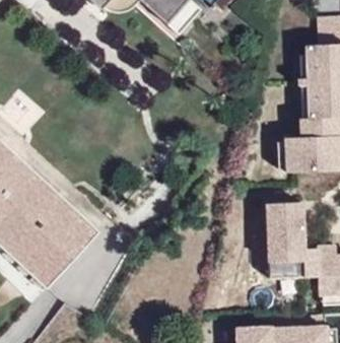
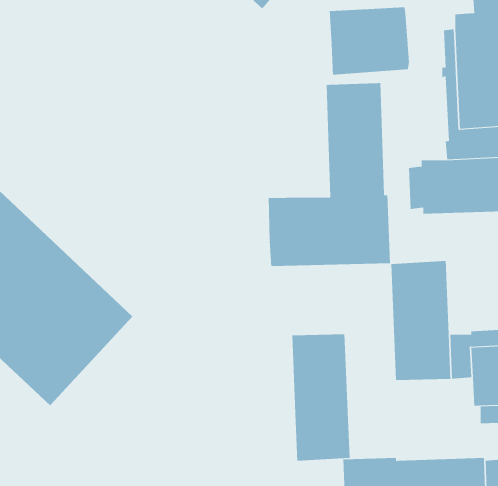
building: none -> [329,6,409,75]
building: none -> [268,82,390,267]
building: none -> [292,333,350,462]

